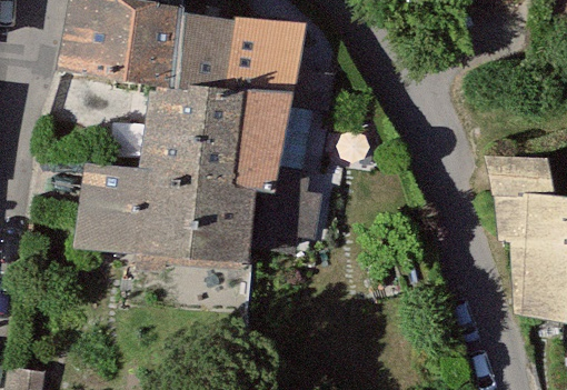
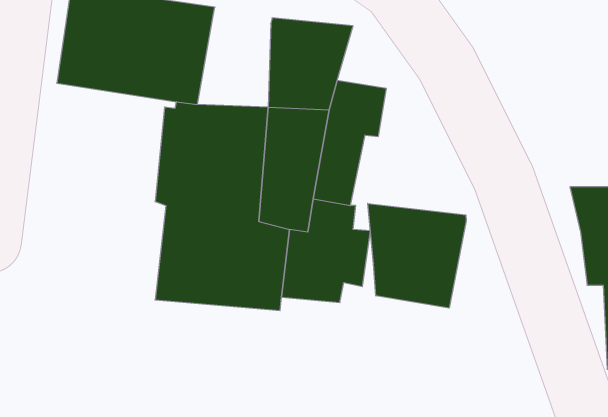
building: [176,13,237,91] -> none
building: [71,164,149,252] -> none
building: none -> [368,203,466,308]

